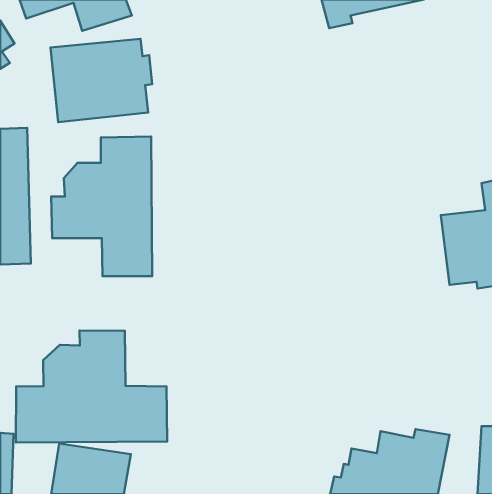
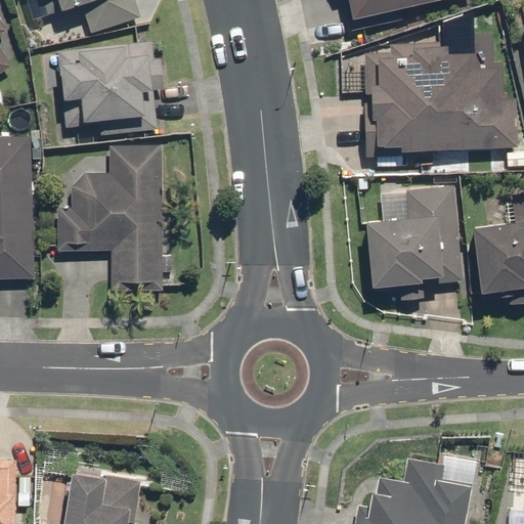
building: none -> [361,40,519,157]
building: none -> [362,184,464,302]
building: [16,330,167,443] -> none

